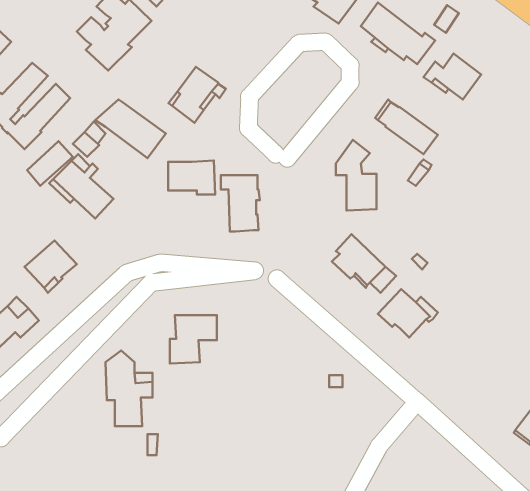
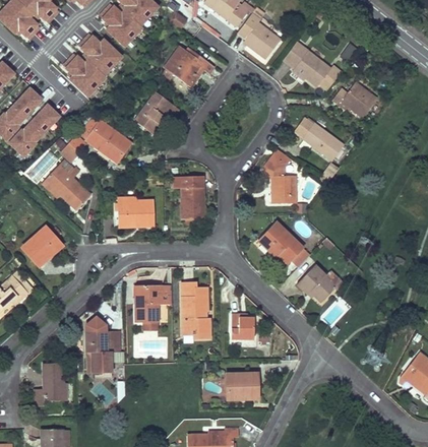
building: none -> [163,47,215,87]
building: [168,160,215,194] -> [118,200,155,227]
building: none -> [182,282,210,339]
building: none -> [231,314,254,339]
building: none -> [35,364,64,406]
building: none -> [227,374,258,400]

